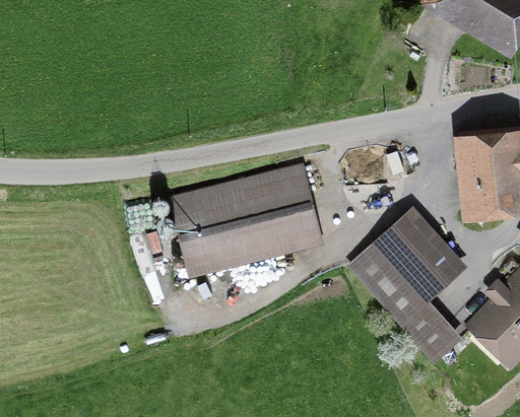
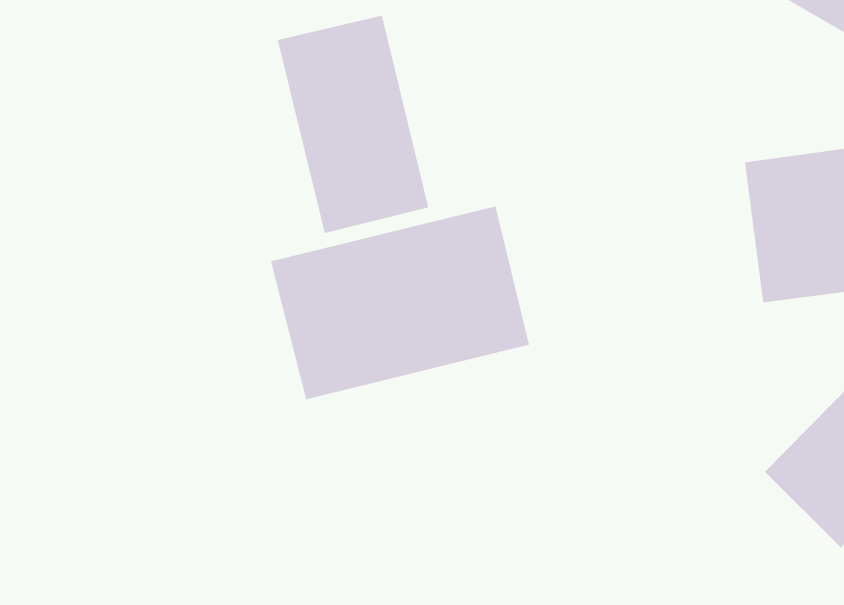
building: none -> [277,15,429,234]
building: [345,207,468,362] -> none

